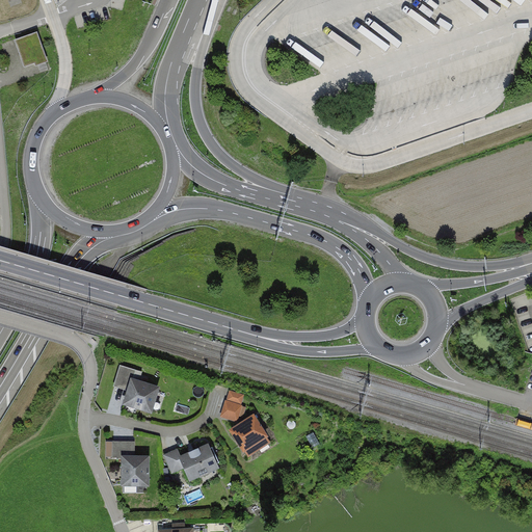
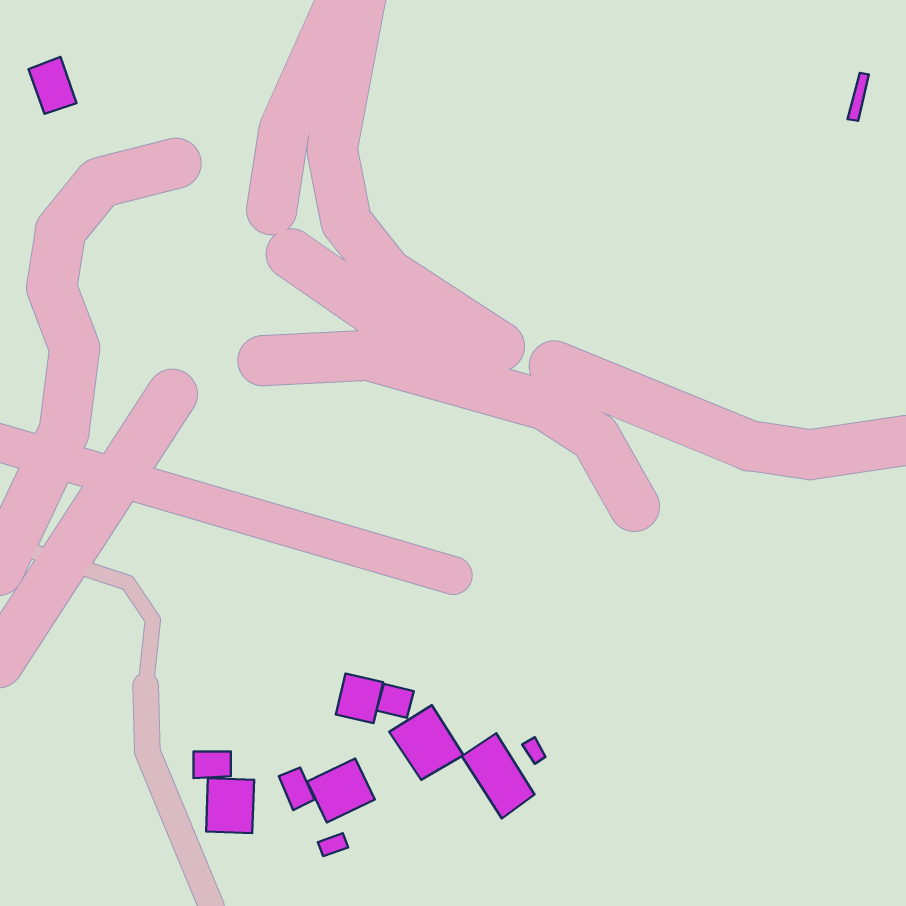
building: [121,376,159,410] -> none
building: none -> [336,673,383,723]
building: none -> [462,733,534,819]

